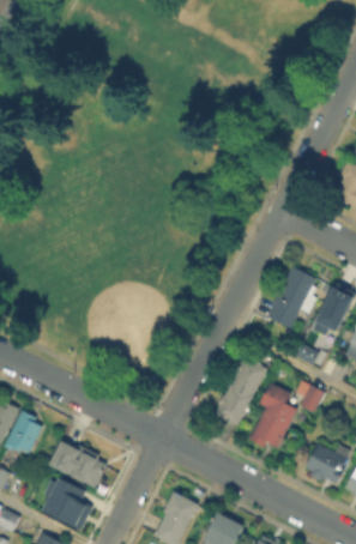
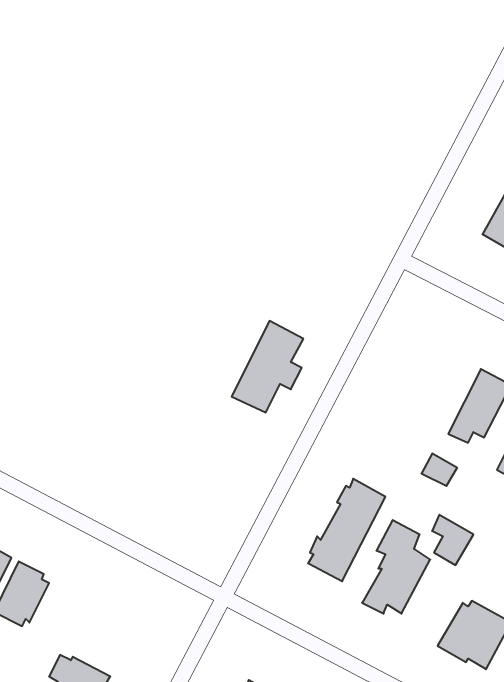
building: [267,267,315,328] -> [232,321,303,413]
building: [49,435,105,482] -> none

